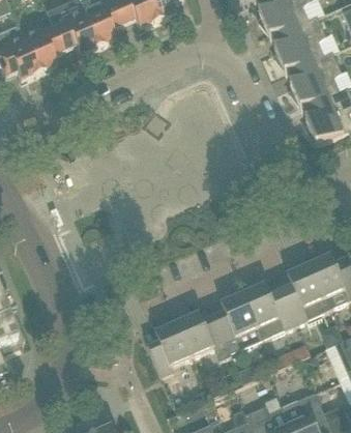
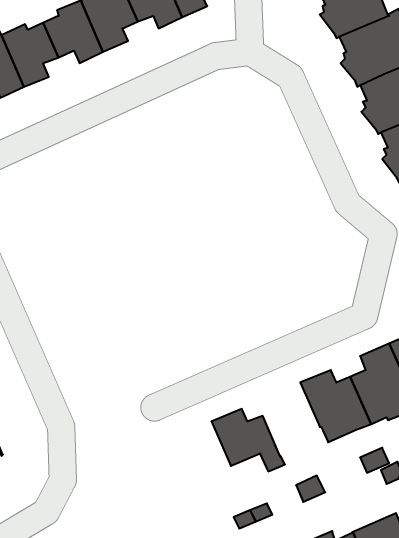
building: [215,291,264,345] -> none
building: [148,320,192,373] -> none

